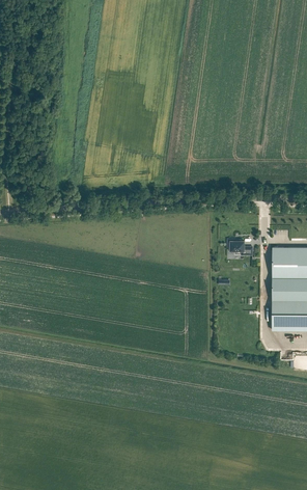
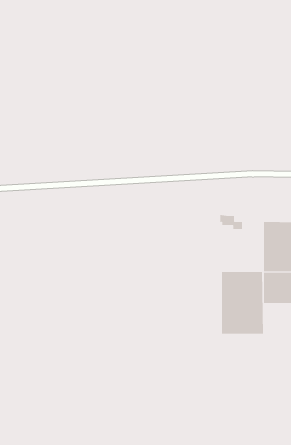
building: none -> [222,271,263,335]

